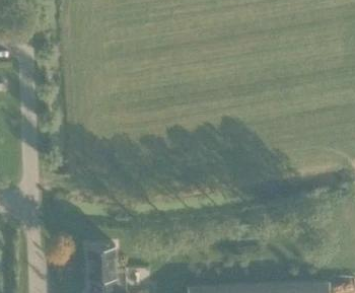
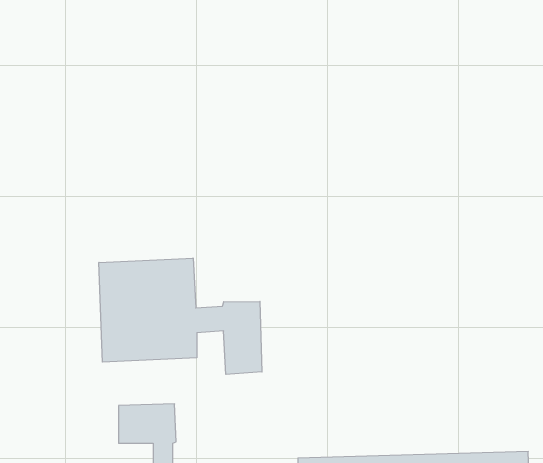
building: none -> [99,258,262,374]

